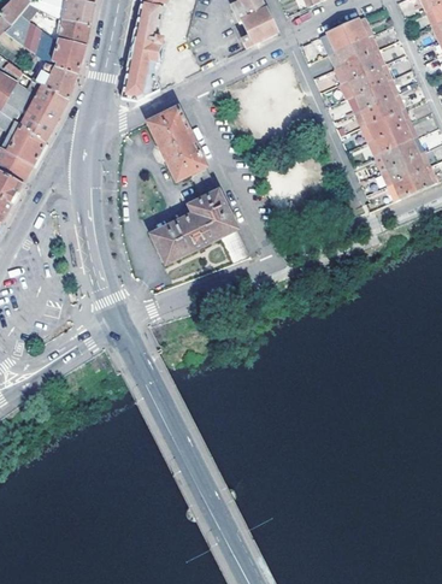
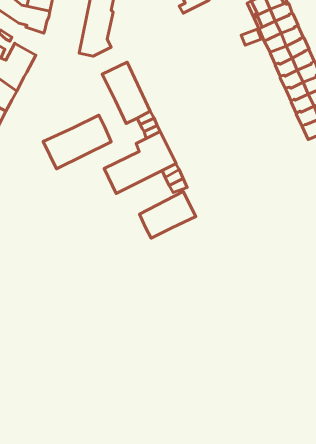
building: [46,64,77,98] -> none
building: none -> [43,115,111,169]
building: none -> [140,192,196,238]

